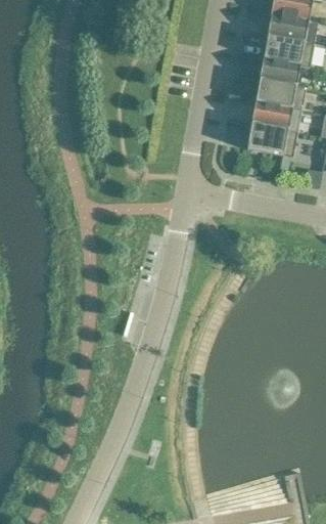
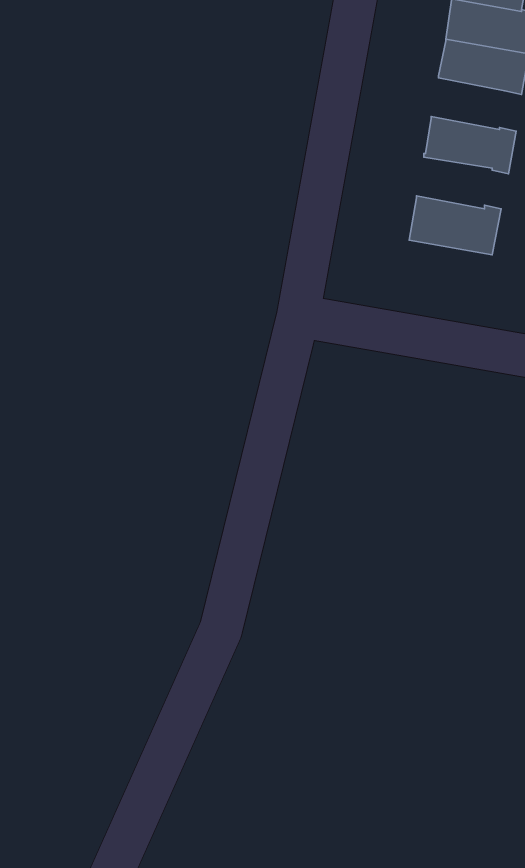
building: [259,56,299,85] -> none
building: [250,100,292,129] -> none

